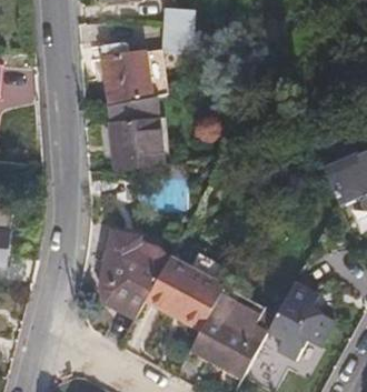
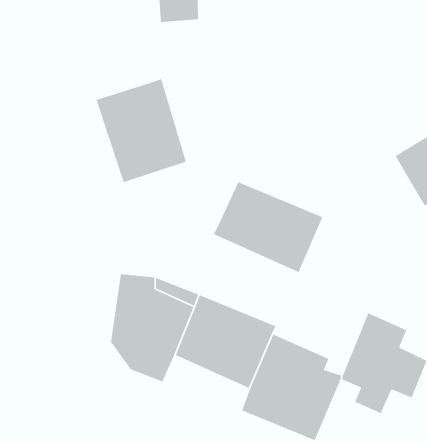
building: [99,42,149,103] -> none
building: none -> [213,181,323,273]

